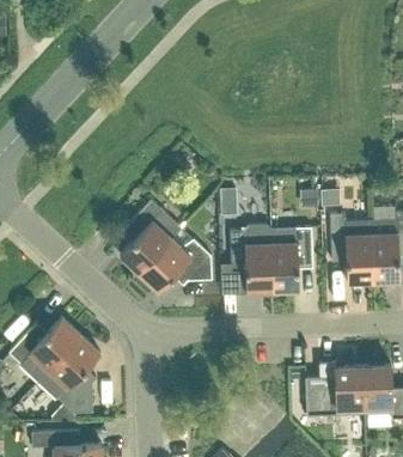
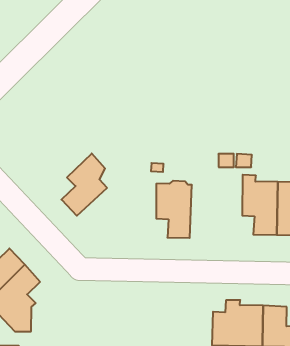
building: [270,226,312,291] -> none
building: [138,238,212,291] -> none

